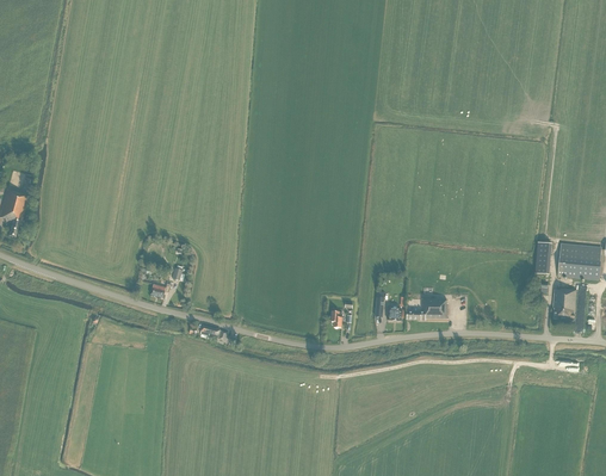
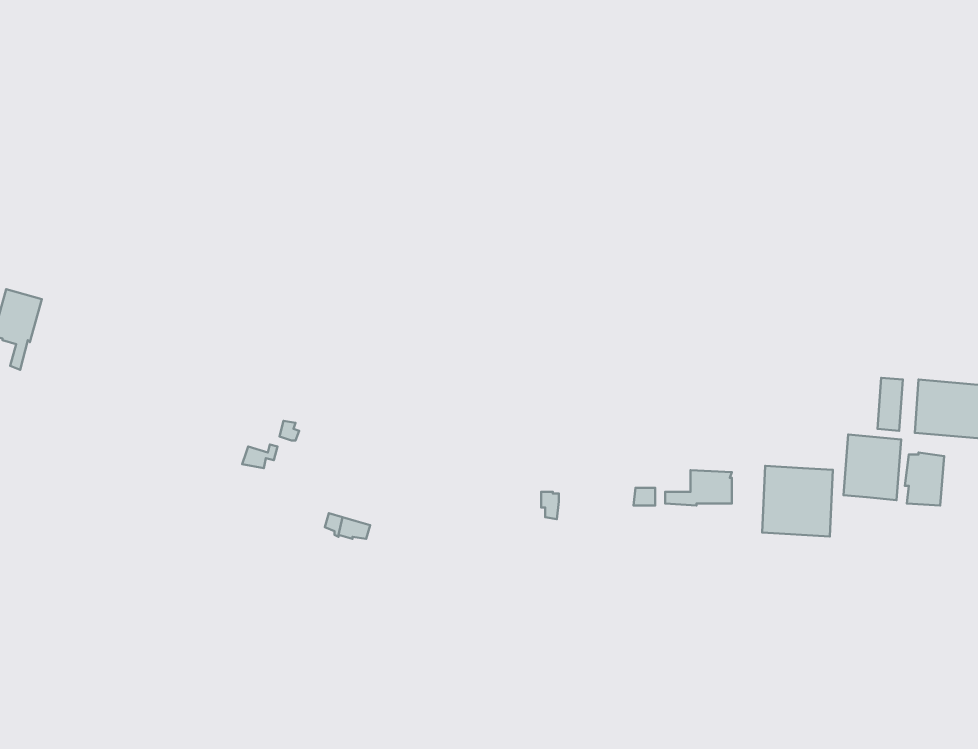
building: none -> [843,435,901,500]
building: none -> [762,466,833,537]

